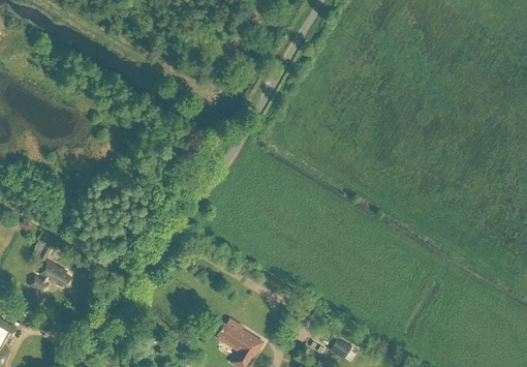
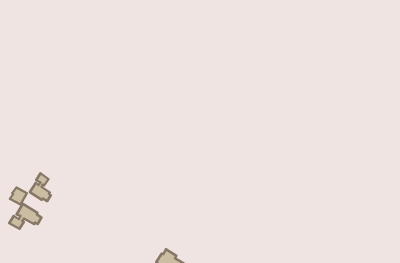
building: none -> [30,173,51,201]

